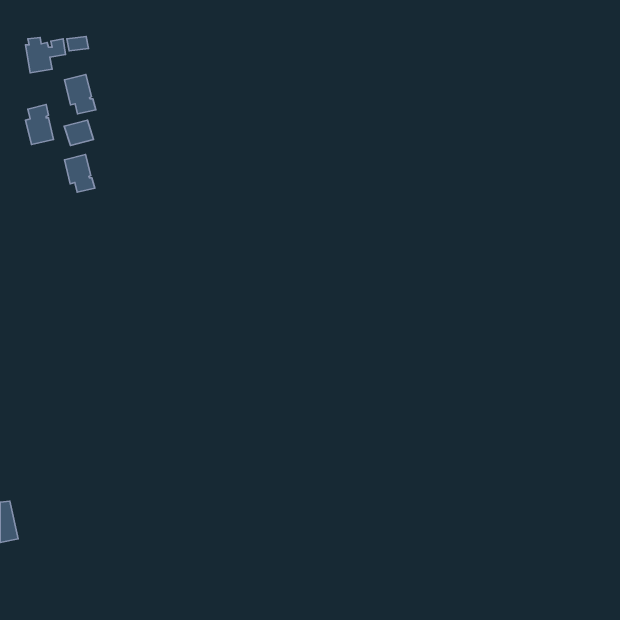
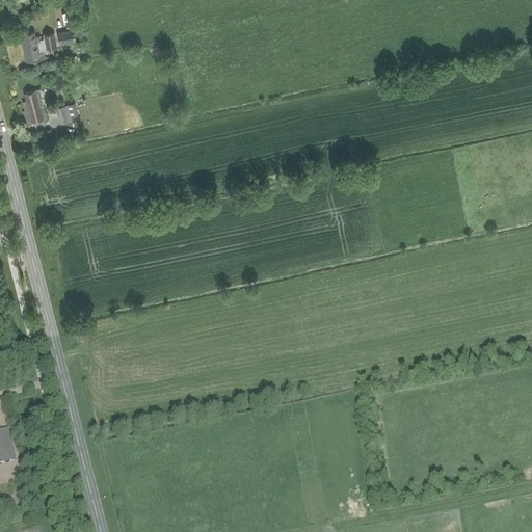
building: [65,74,96,114] -> none
building: [65,154,95,192] -> none

